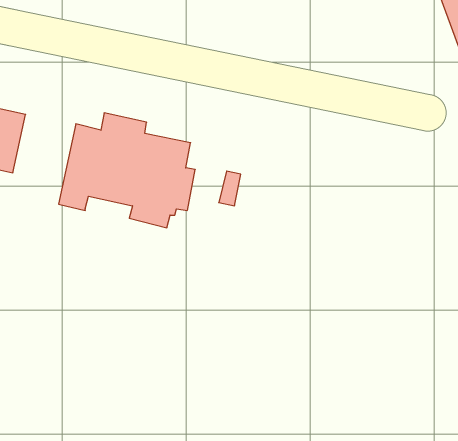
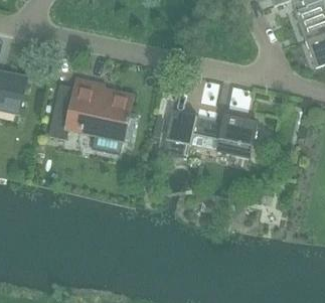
building: none -> [162,108,259,157]

